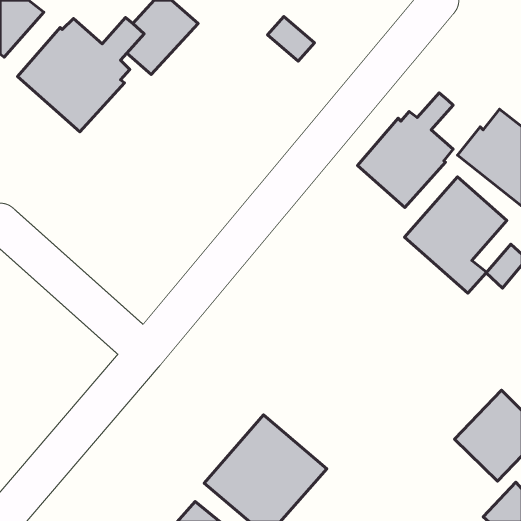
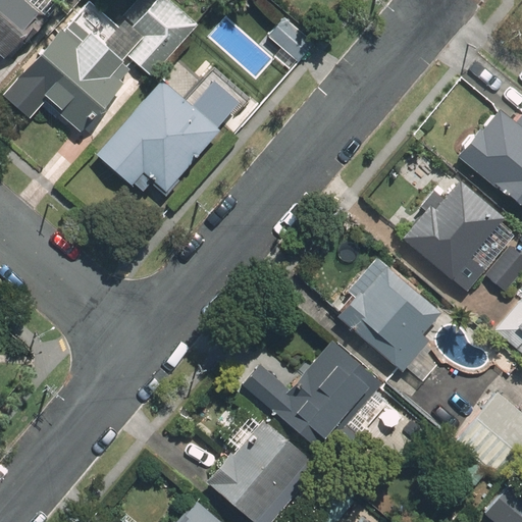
building: none -> [96,81,225,191]
building: [357,93,453,208] -> none
building: none -> [335,256,440,380]
building: none -> [245,341,376,450]

